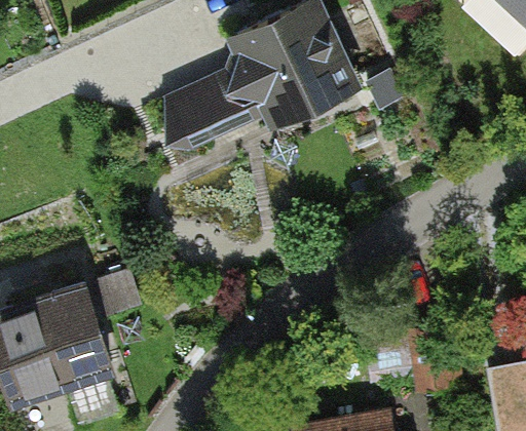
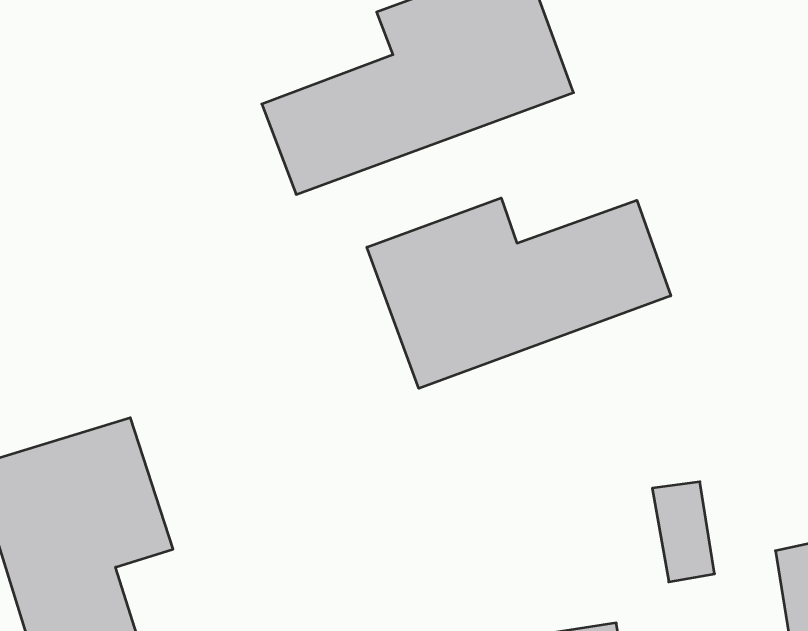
building: none -> [367,198,671,388]

